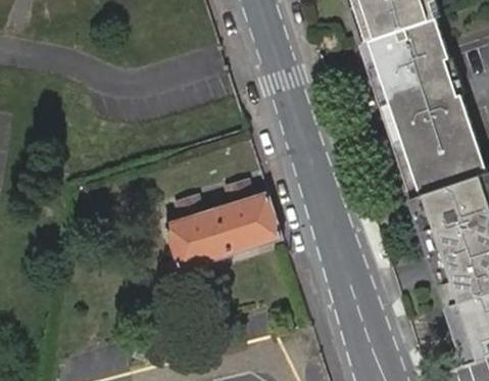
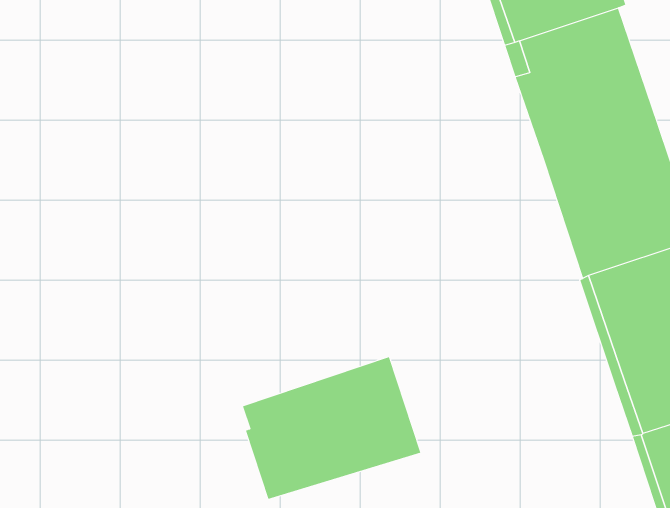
building: [164,187,286,284] -> [242,357,421,500]

